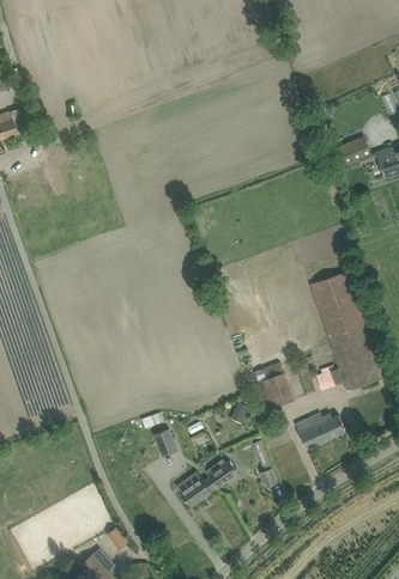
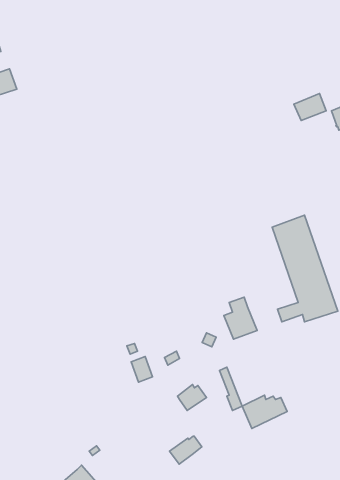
building: [295,413,345,450] -> [242,395,287,429]
building: [180,476,216,507] -> [170,436,202,464]

